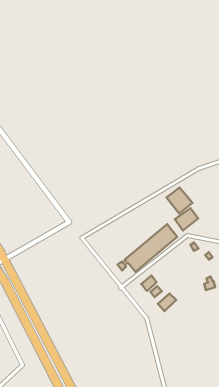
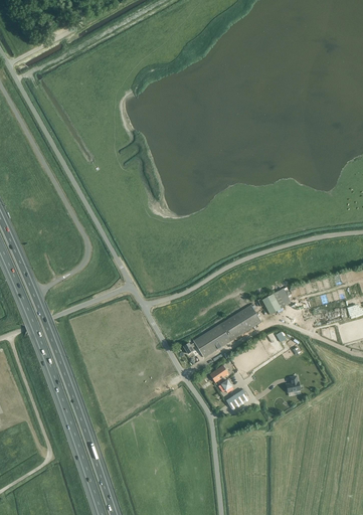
building: [167,187,192,214] -> none

